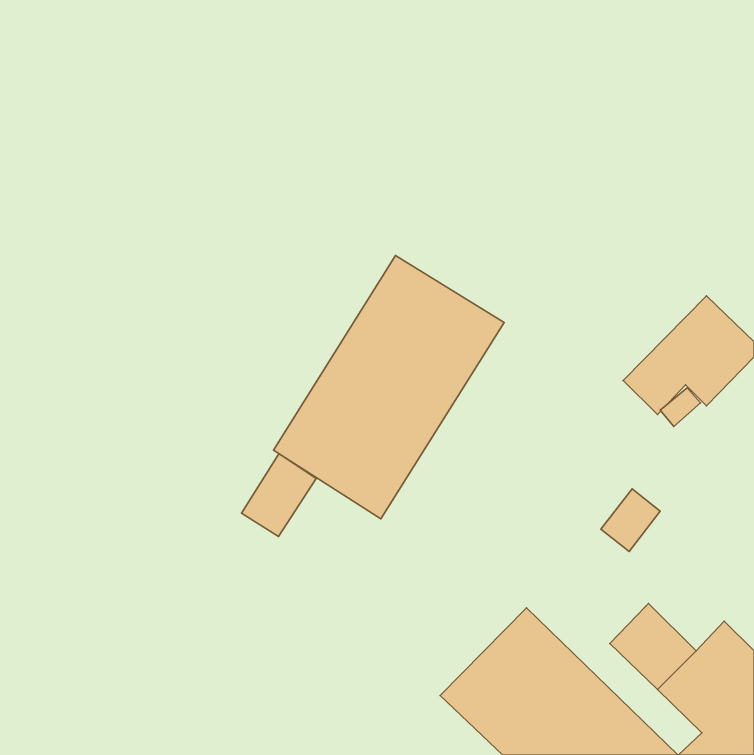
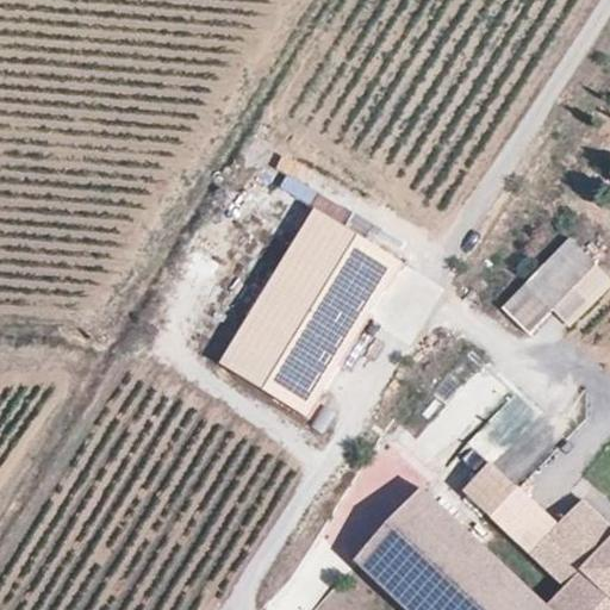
building: [242,454,316,536] -> none
building: none -> [462,460,517,516]

